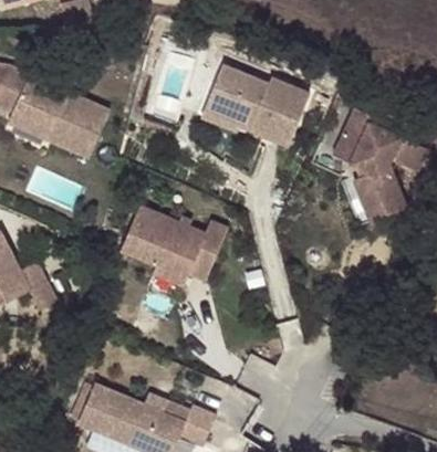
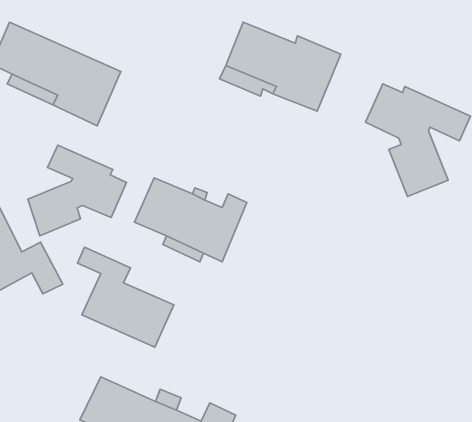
building: none -> [28,145,127,236]
building: none -> [78,247,174,347]

